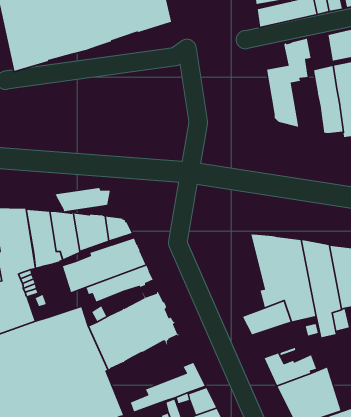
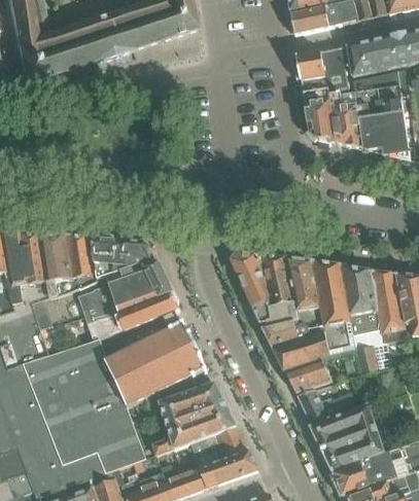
building: none -> [347,41,374,76]
building: none -> [298,51,325,79]
building: none -> [329,93,364,149]
building: [55,187,111,212] -> none
building: none -> [231,252,300,347]
building: none -> [285,358,333,392]
building: none -> [161,383,222,429]

